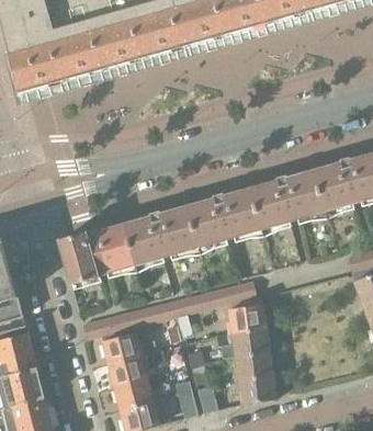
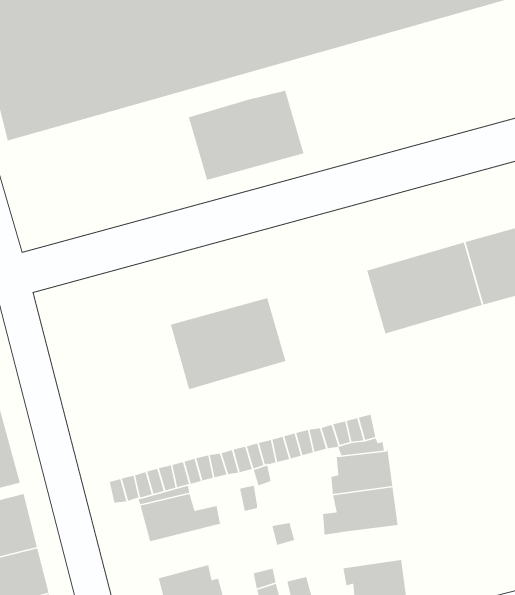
building: [185,188,261,247] -> [188,90,305,181]
building: [58,223,134,284] -> none
building: [109,350,163,387] -> none
building: [233,353,272,381] -> none

